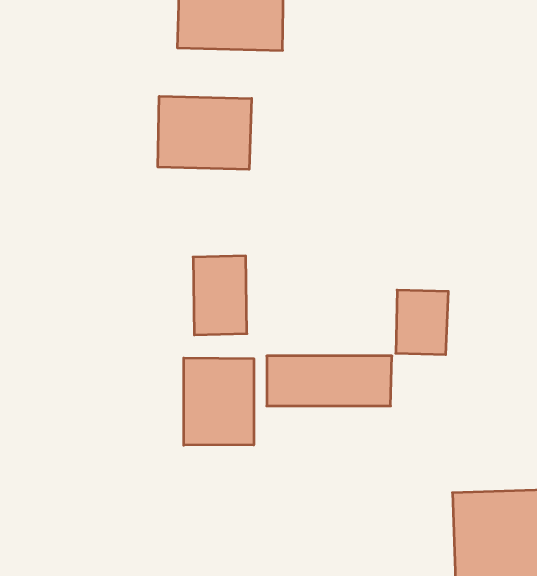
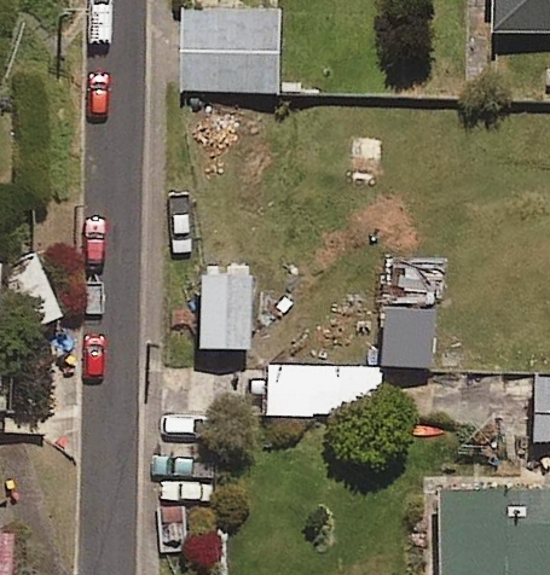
building: [158,96,252,169] -> none
building: [184,358,254,445] -> none

